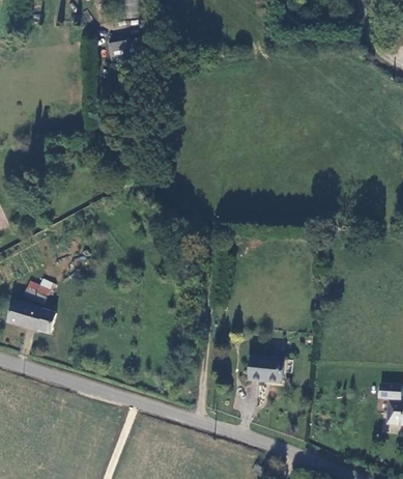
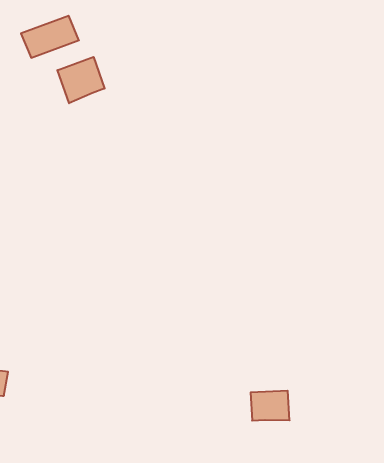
building: none -> [57,57,105,103]

